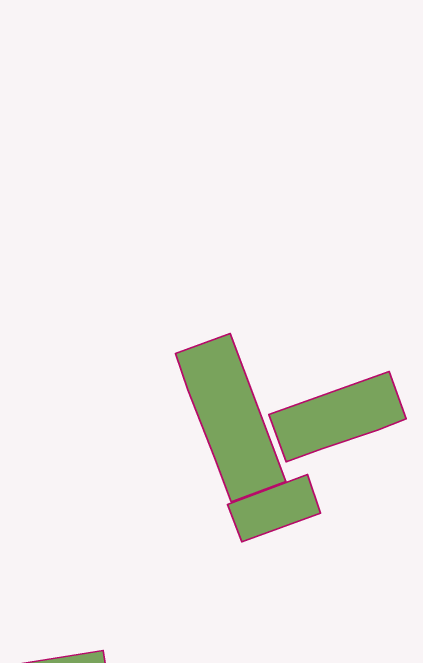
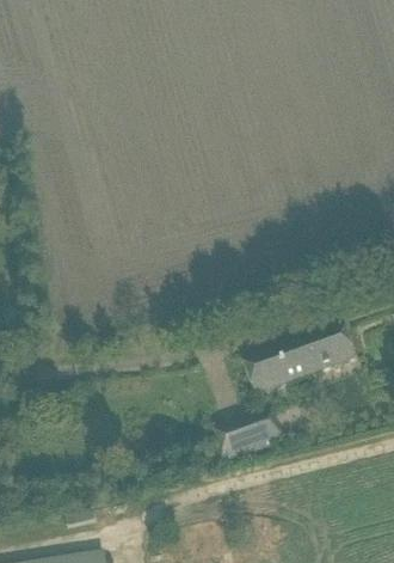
building: [176,333,286,502] -> none

